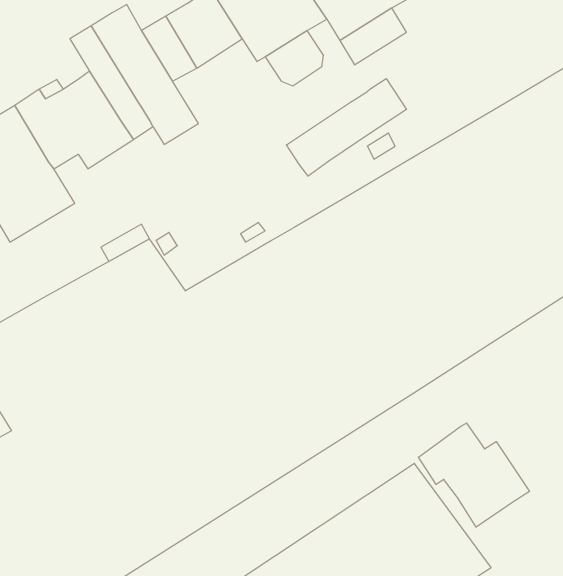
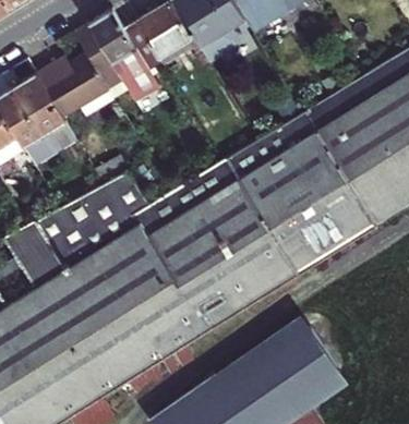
building: [286,79,406,176] -> none
building: [418,423,529,527] -> none

